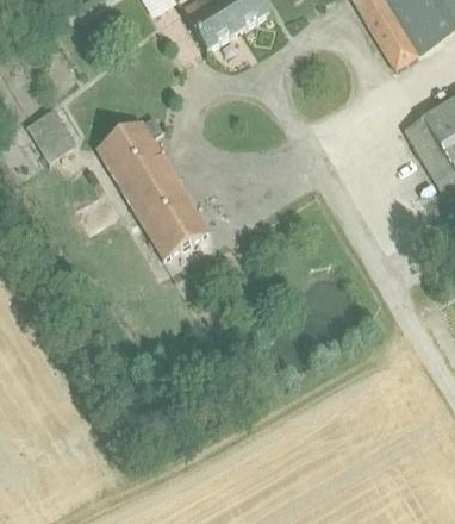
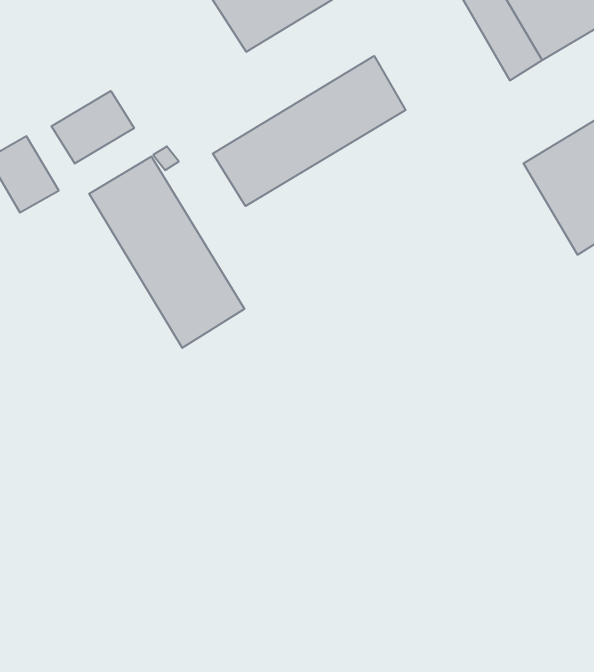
building: none -> [213,56,406,206]
building: none -> [51,91,134,164]

